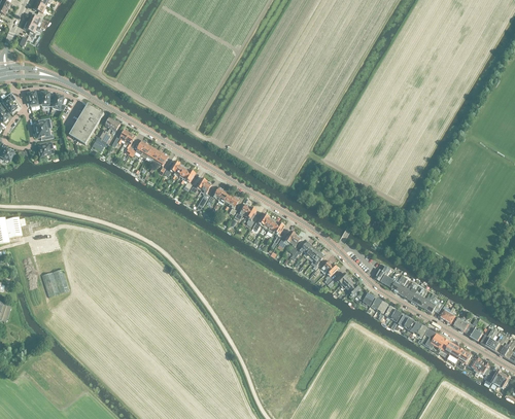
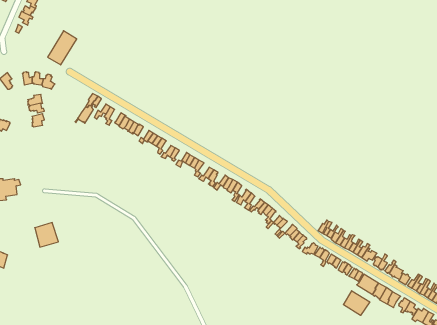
building: [69,103,103,143] -> [48,31,77,65]
building: none -> [343,291,370,315]

